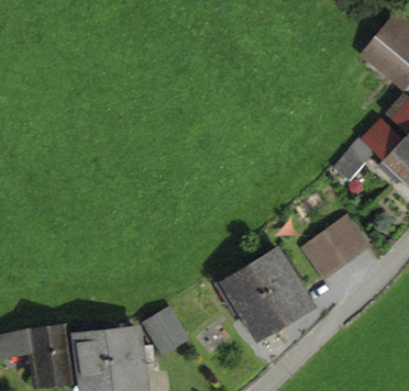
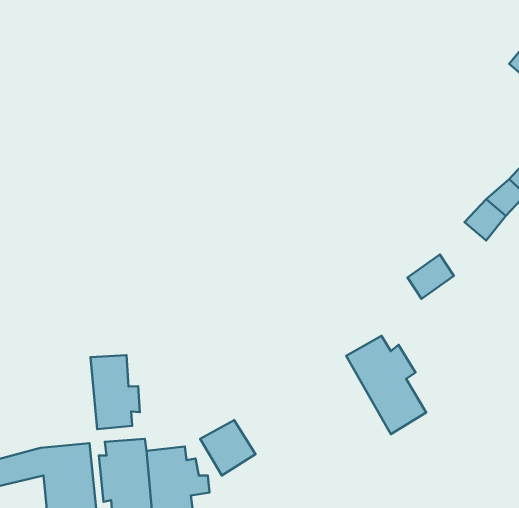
building: [307,221,366,276] -> none
building: none -> [91,355,140,429]
building: [217,265,281,336] -> none

